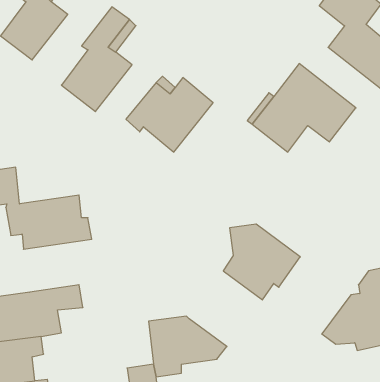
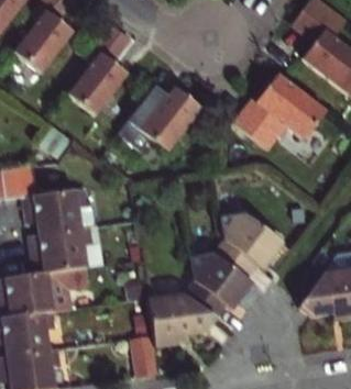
building: none -> [28,226,103,273]
building: none -> [182,254,249,320]

